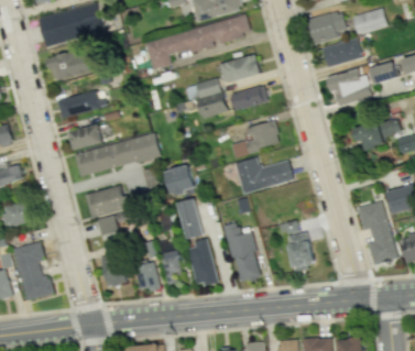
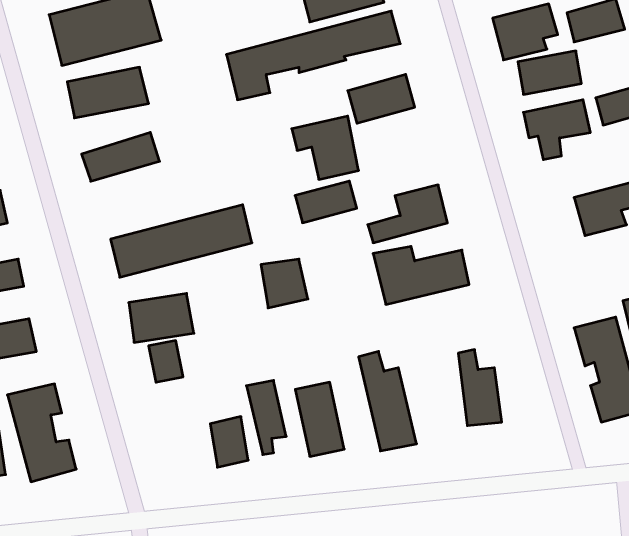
building: [230,85,267,110] -> [295,181,357,223]
building: [68,124,101,149] -> none
building: [177,198,204,239] -> none
building: [99,241,128,286] -> none

